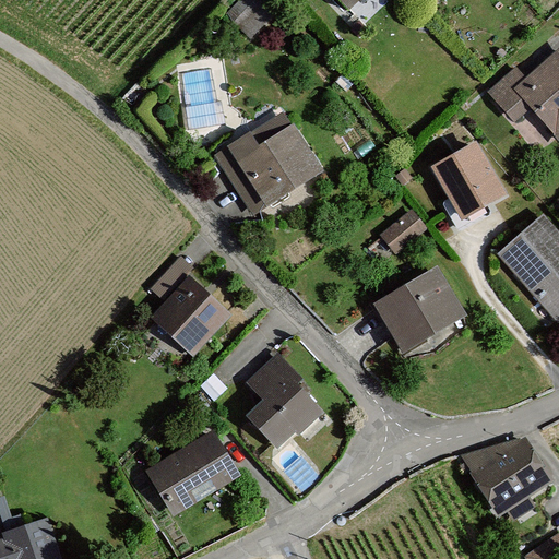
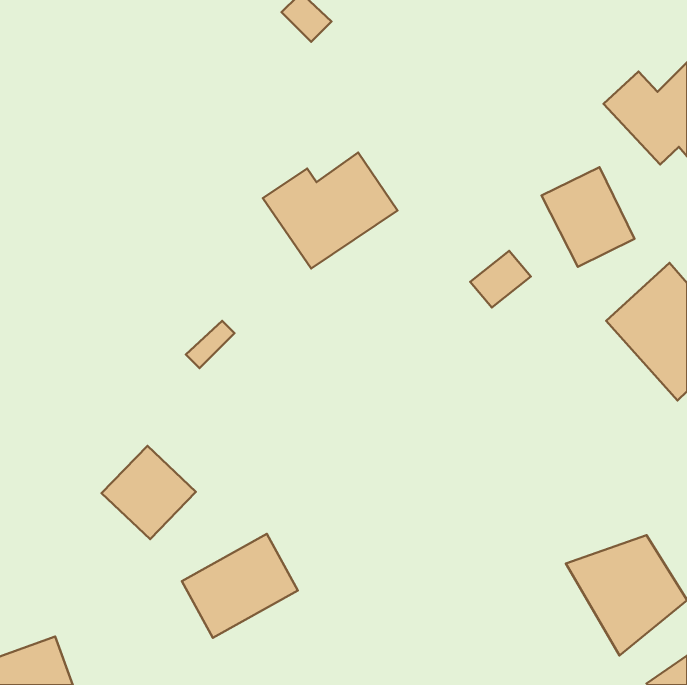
building: [371,265,464,352] -> none
building: [153,277,229,353] -> [102,446,196,539]
building: [242,350,323,450] -> none

